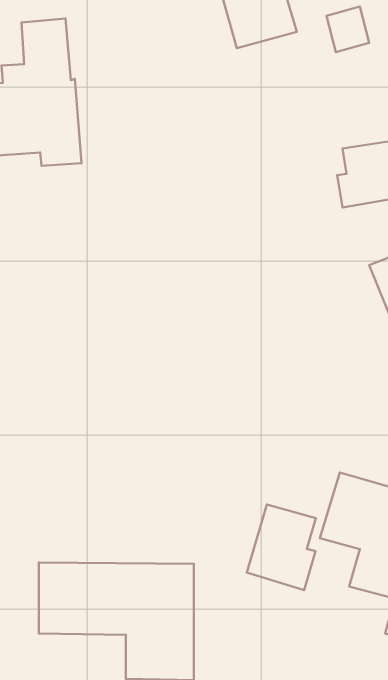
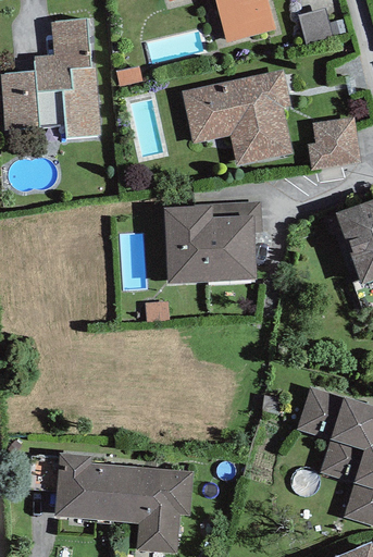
building: none -> [183,73,301,172]
building: none -> [166,211,258,280]
building: [247,505,316,590] -> none

